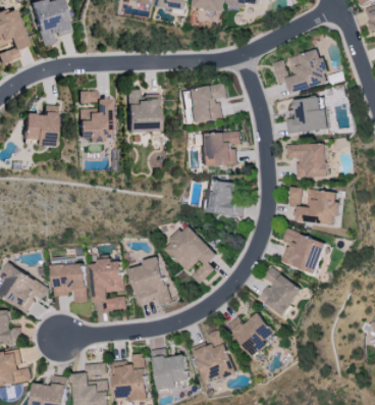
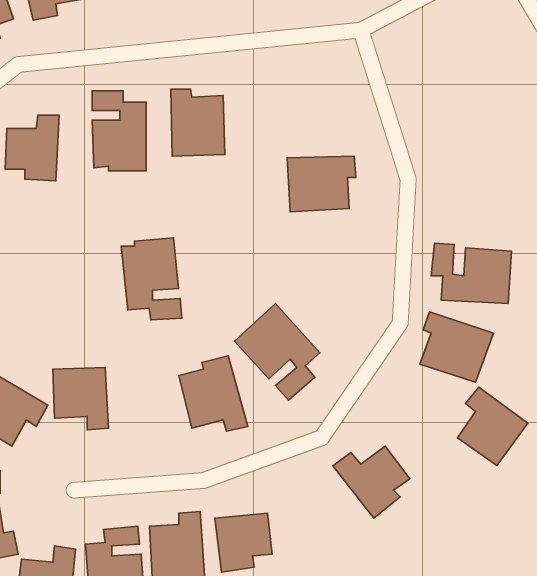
building: [272,48,327,93] -> none
building: [185,83,226,122] -> none
building: [286,96,328,133] -> none
building: [286,143,327,176] -> none
building: [202,179,244,216] -> none
building: [89,258,126,309] -> [121,238,182,320]
building: [258,266,302,315] -> [457,387,528,466]
building: [192,328,235,383] -> none

